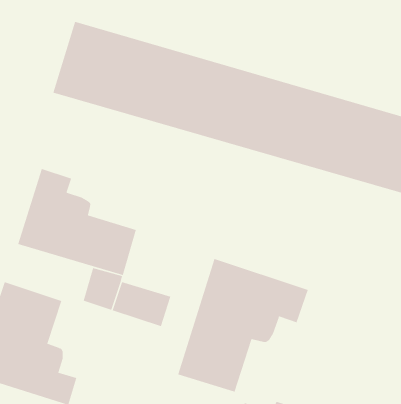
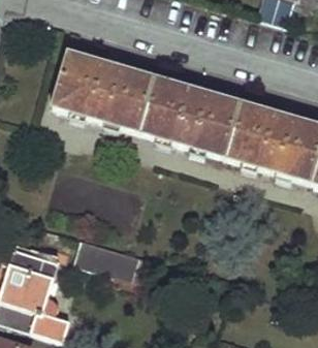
building: [17,168,136,276] -> none
building: [178,258,308,392] -> none

